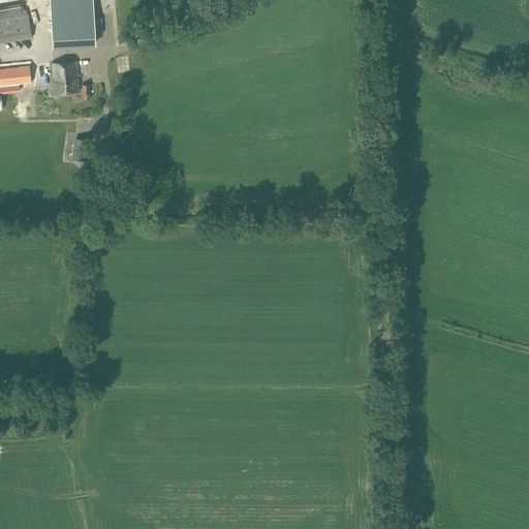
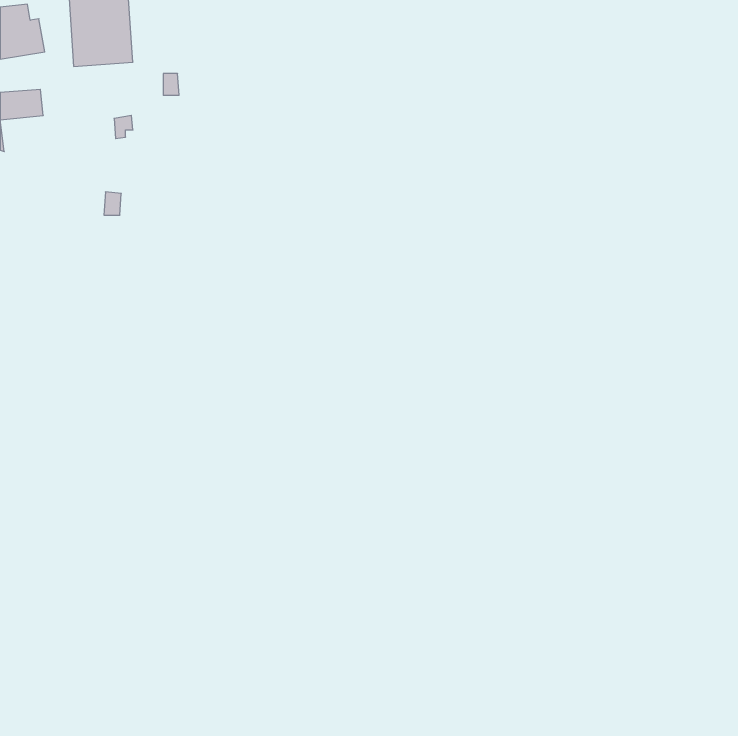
building: [52,60,79,93] -> none

